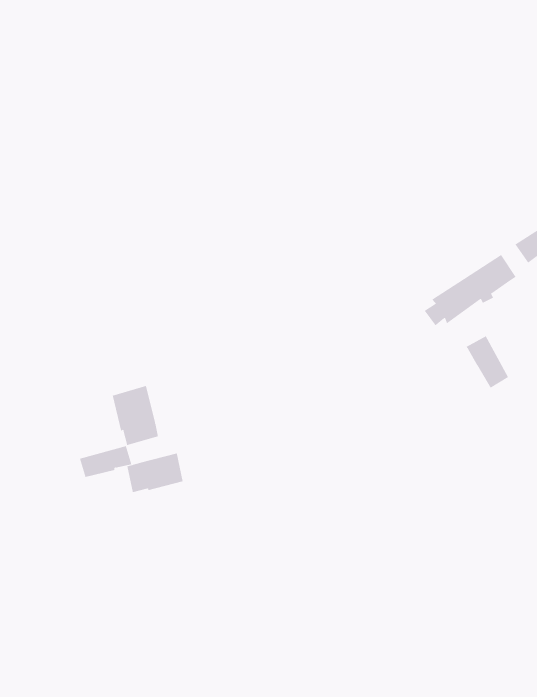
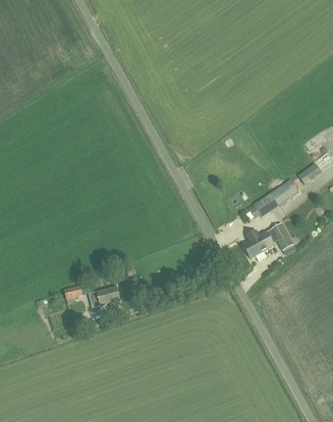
building: none -> [242,229,277,258]
building: [112,385,159,446] -> none

